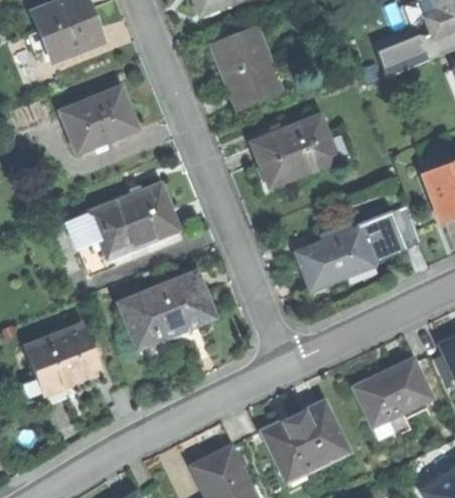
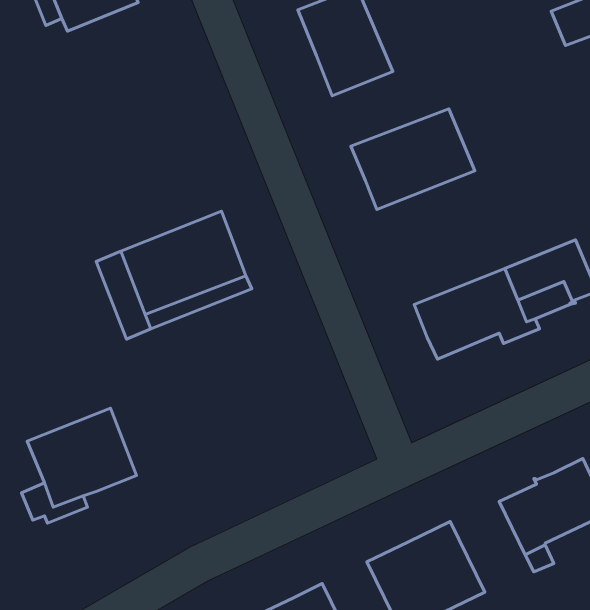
building: [59,87,137,153] -> none
building: [120,273,211,345] -> none

